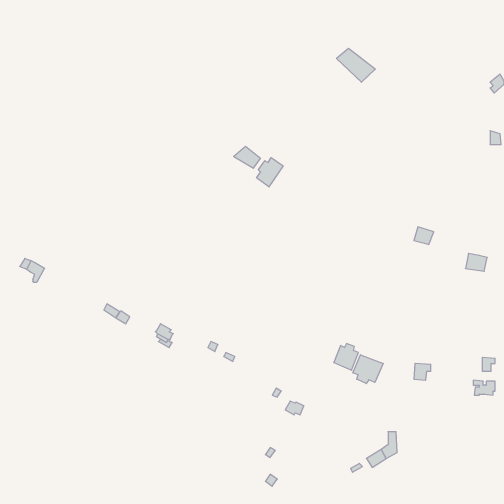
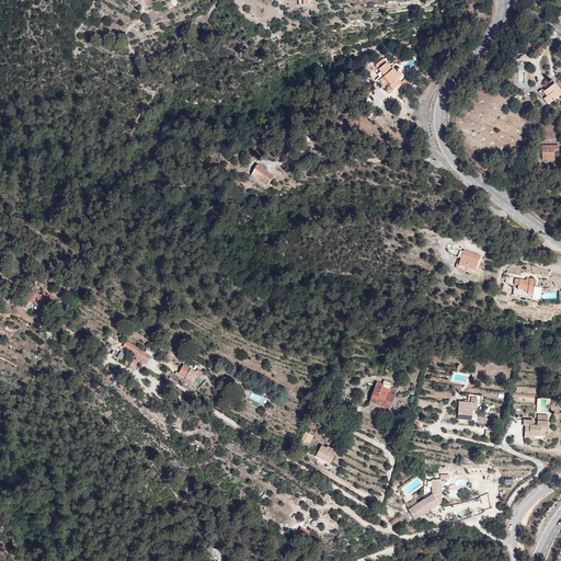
building: [257,158,283,187] -> none
building: [353,355,383,384] -> none

